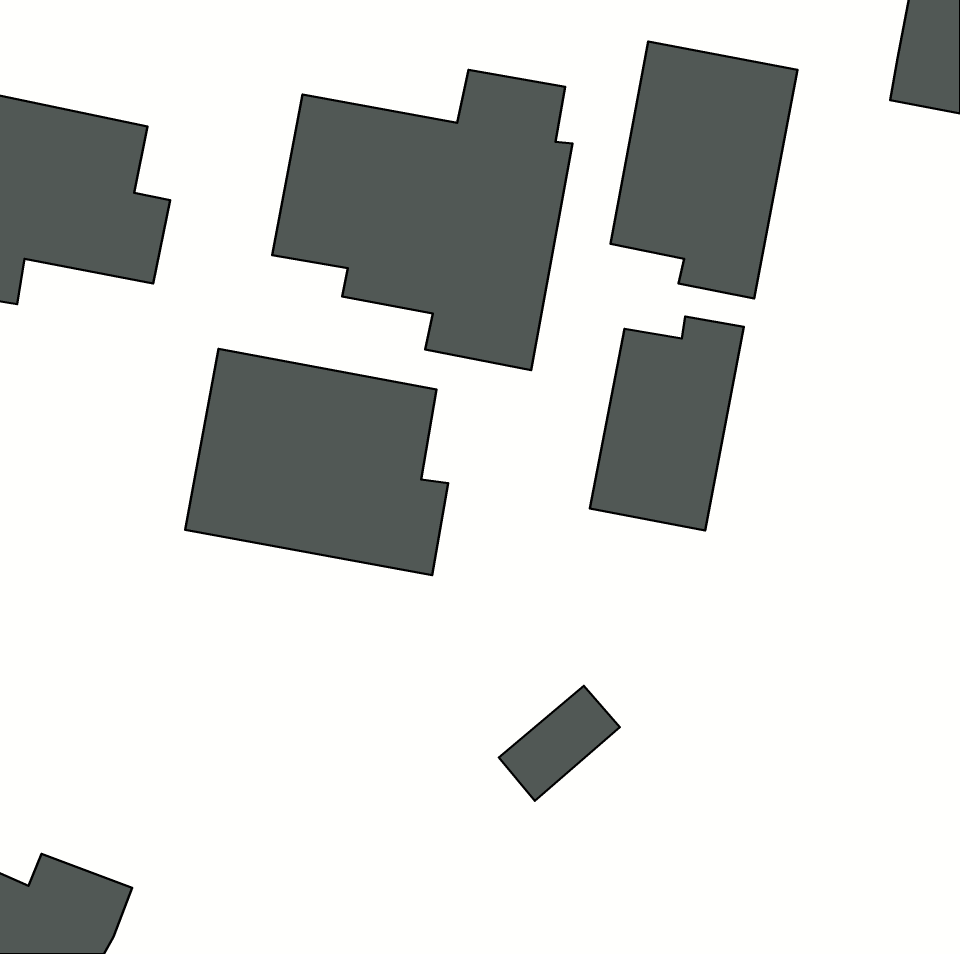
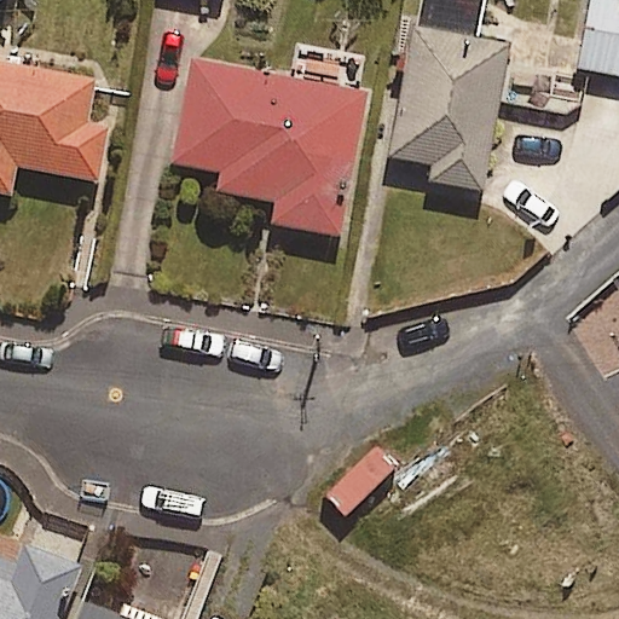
building: [590,316,744,530] -> none
building: [185,349,448,575] -> none

